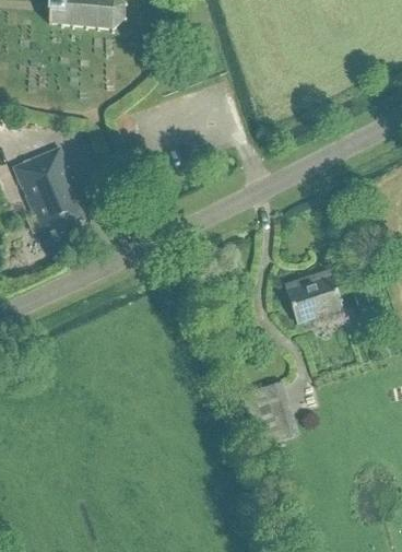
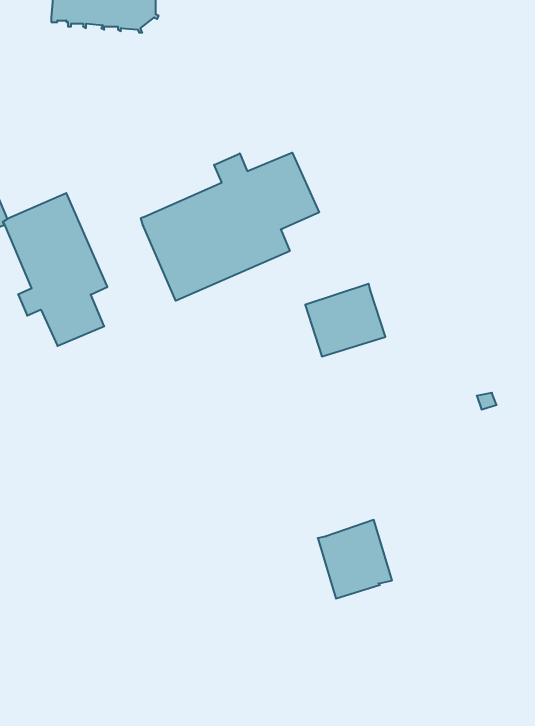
building: none -> [141,153,319,301]
building: [283,268,341,320] -> [305,284,385,356]

